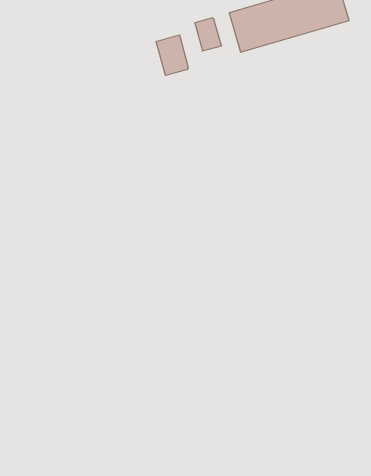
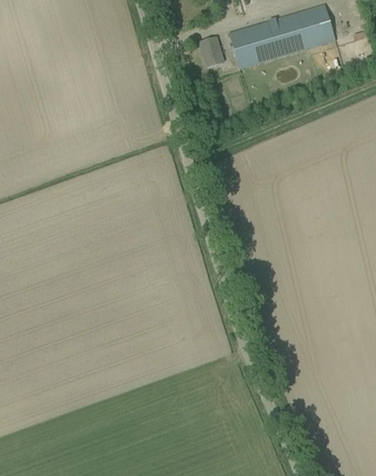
building: [156,35,188,75] -> none

